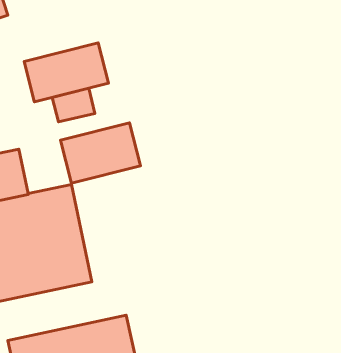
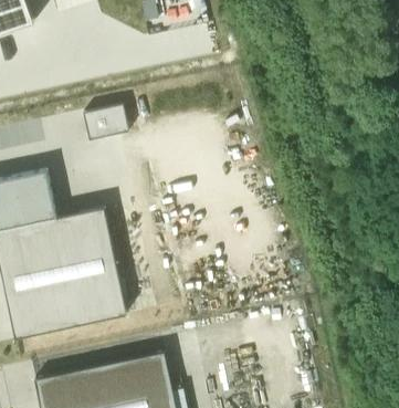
building: [24,43,109,102] -> none
building: [61,123,141,183] -> none

